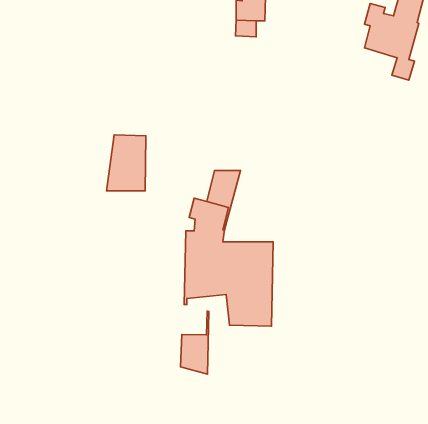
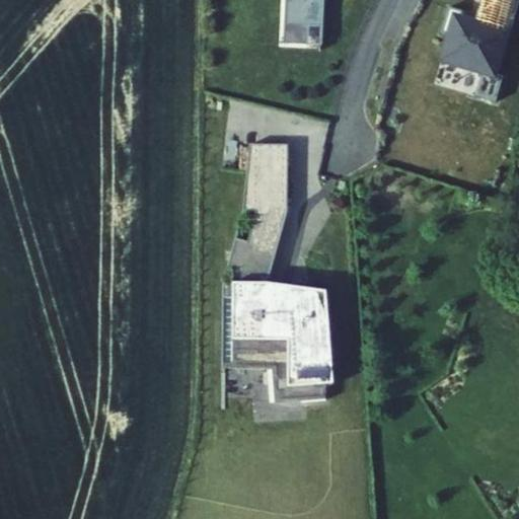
building: [107,135,146,191] -> [244,139,292,207]
building: [180,311,209,374] -> none

